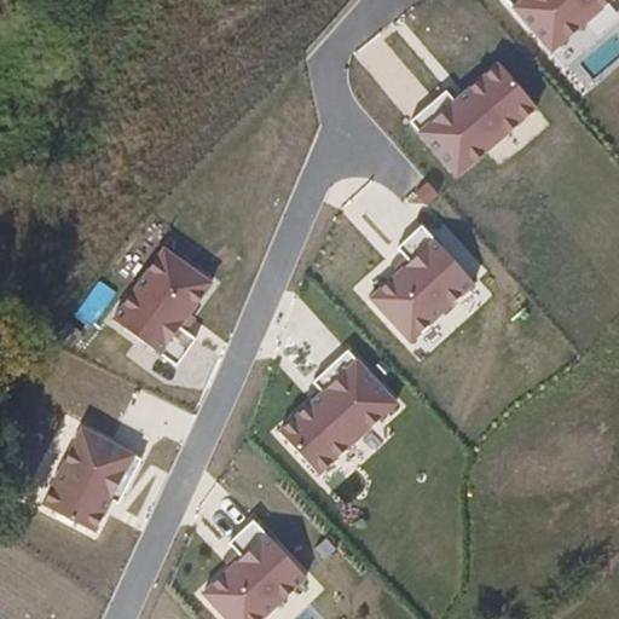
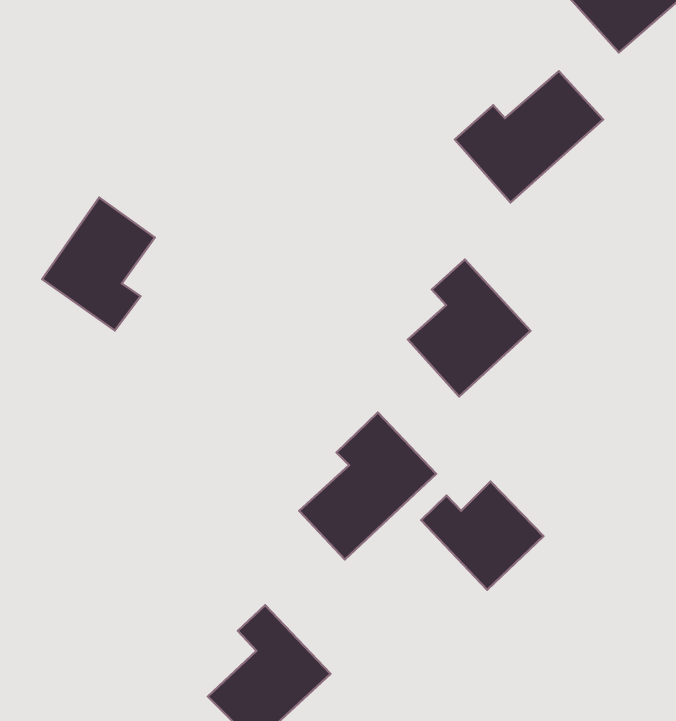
building: [115,250,210,363] -> [42,198,155,330]
building: none -> [421,482,543,590]
building: [44,428,138,533] -> none

